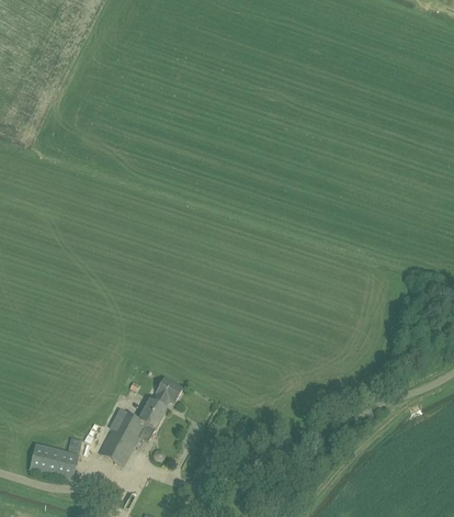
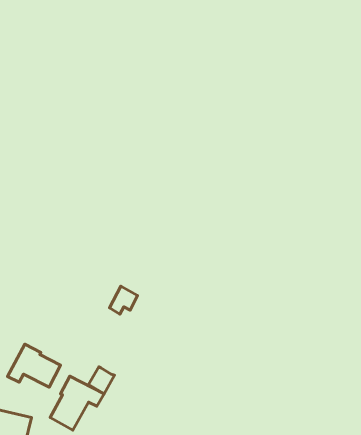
building: none -> [7,344,61,387]
building: [152,375,182,405] -> [109,286,137,314]

